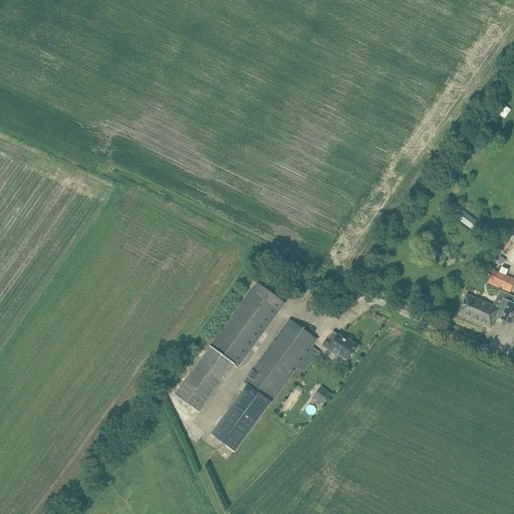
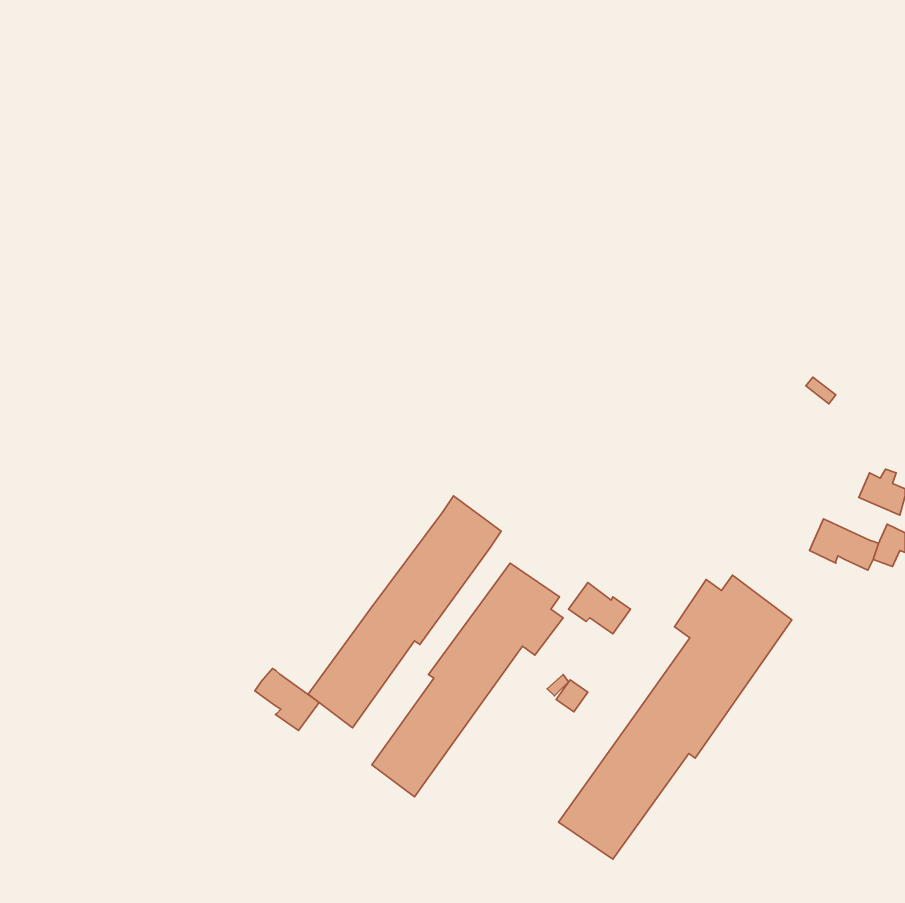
building: none -> [558,575,792,859]
building: none -> [255,668,319,731]

